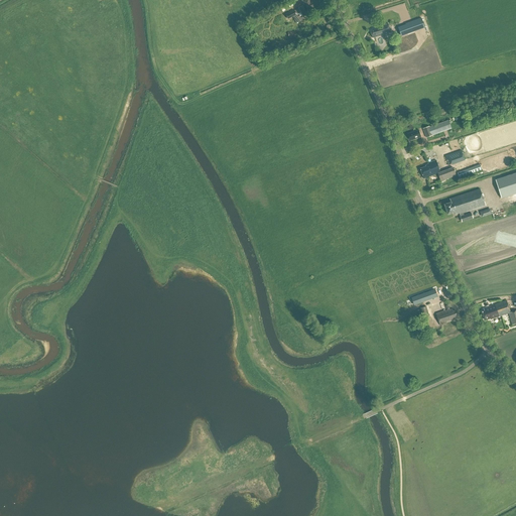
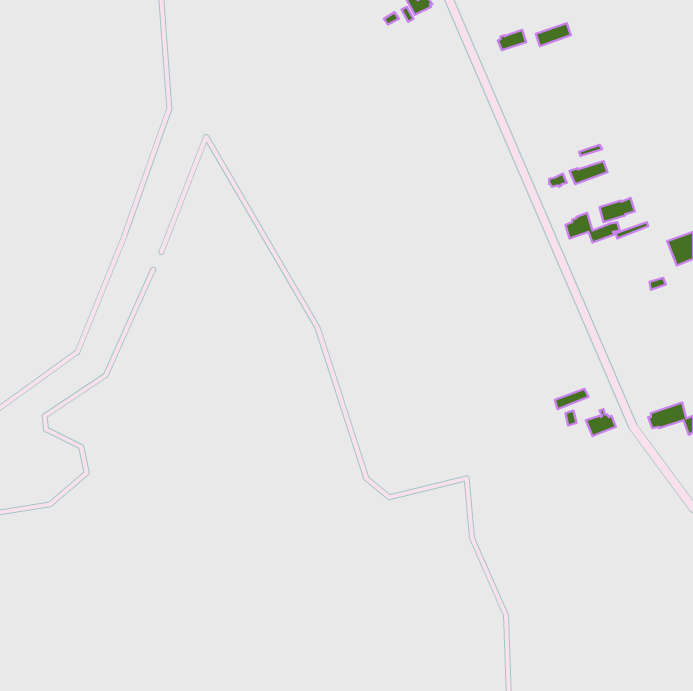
building: [444,188,486,221] -> none

